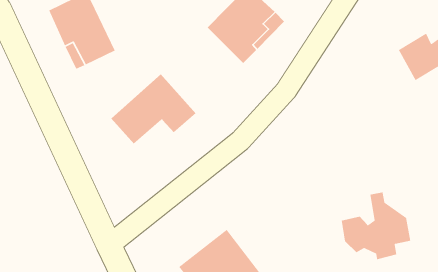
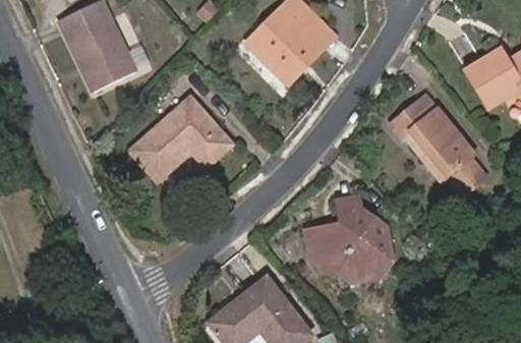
building: none -> [390,93,484,192]
building: [341,192,411,260] -> [307,197,390,278]

